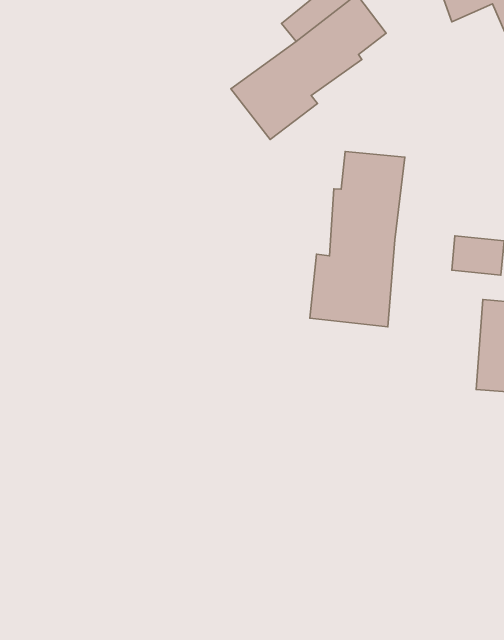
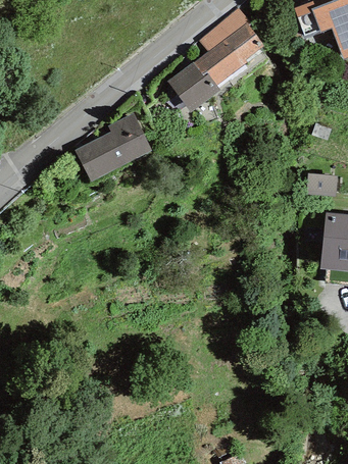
building: none -> [74,113,152,181]
building: [310,151,405,327] -> none

